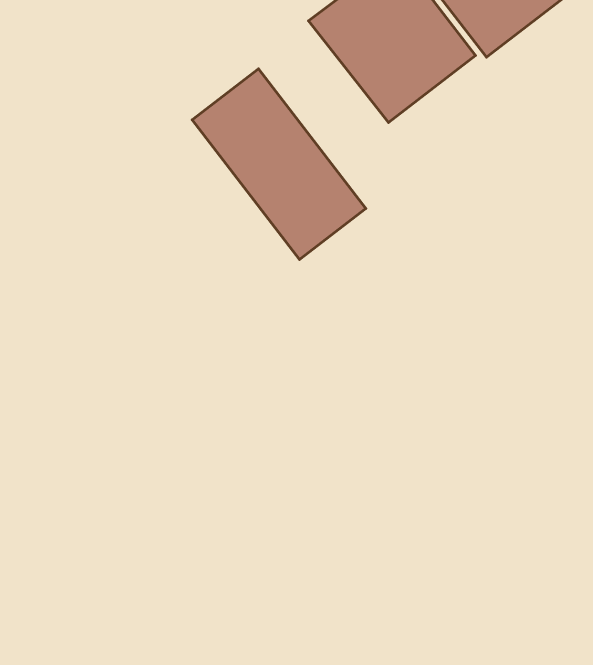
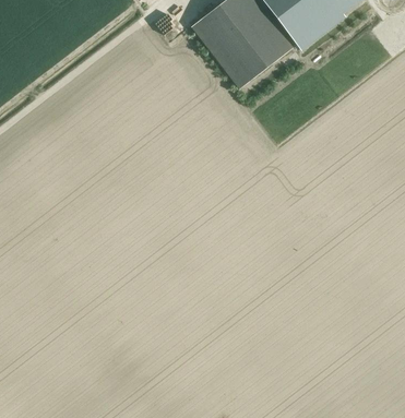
building: [192,69,366,260] -> none

